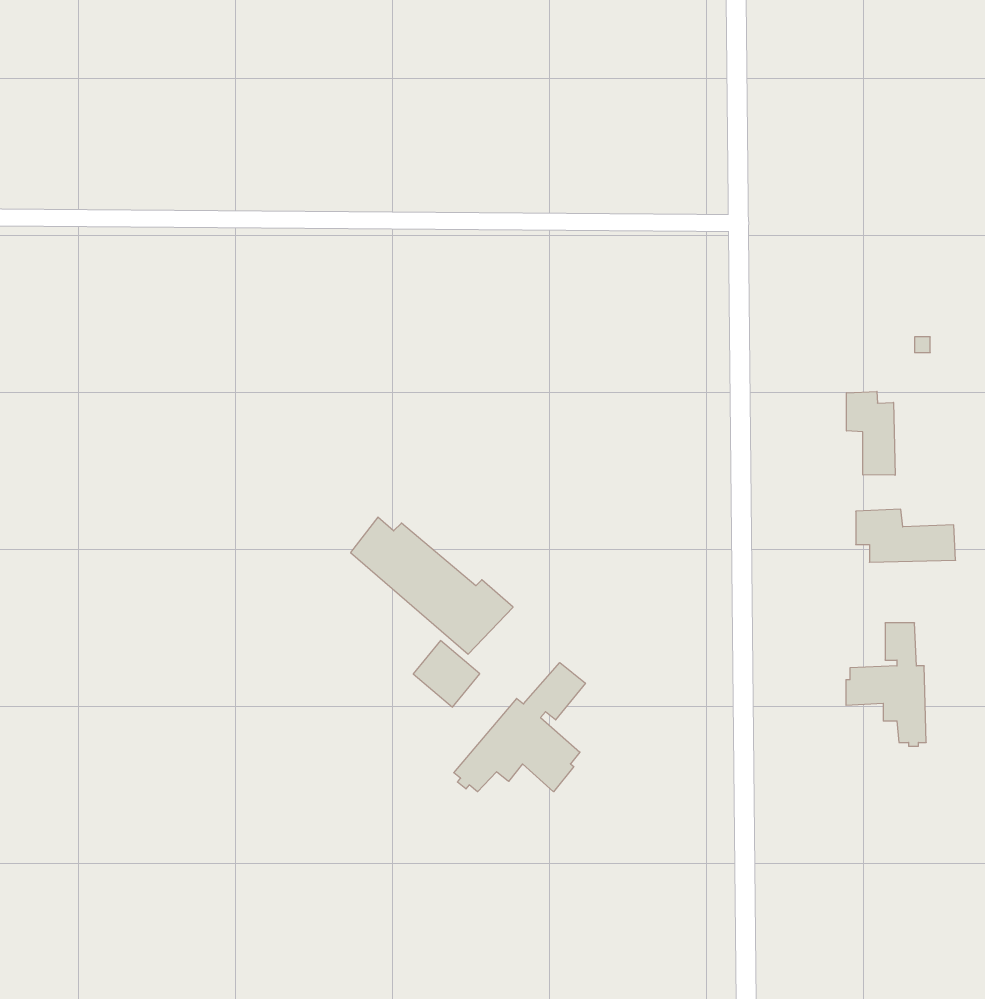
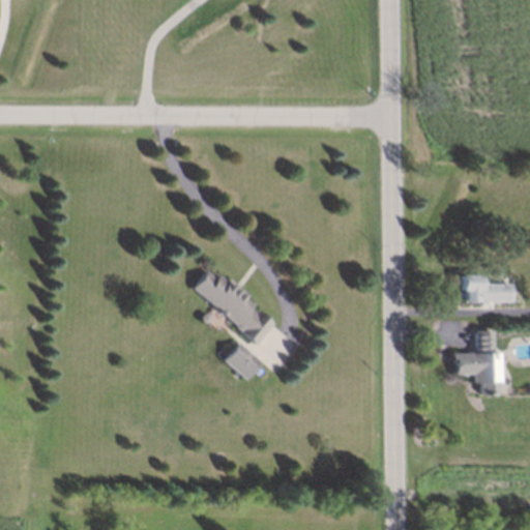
building: [847,391,895,475] -> none
building: [454,663,585,792] -> none

